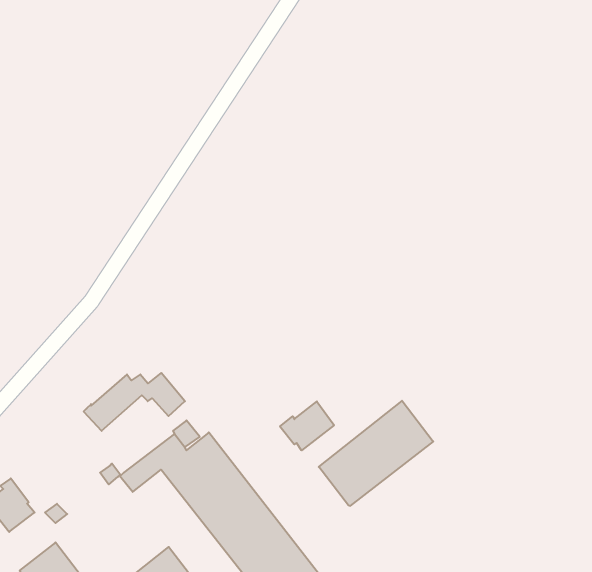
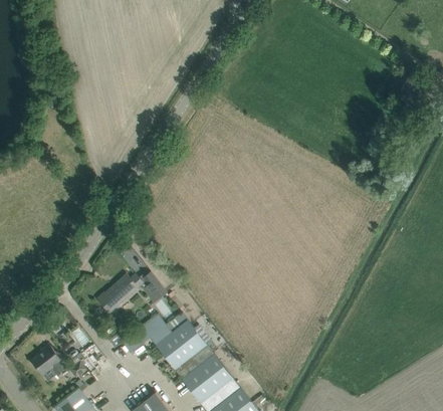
building: [319,401,433,506] -> none
building: [280,401,334,450] -> none

